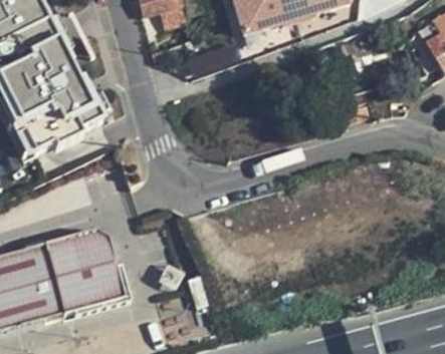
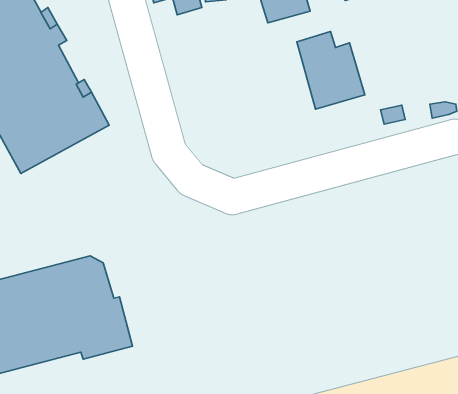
building: none -> [297,32,365,109]

